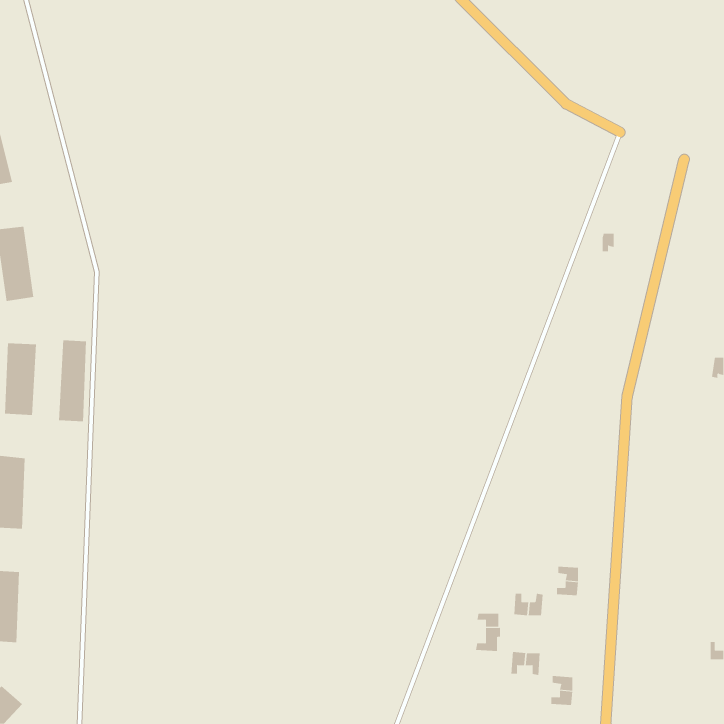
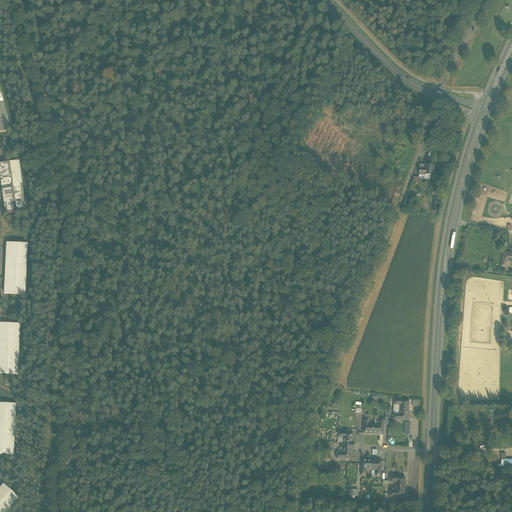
building: [58,340,87,422] -> none

